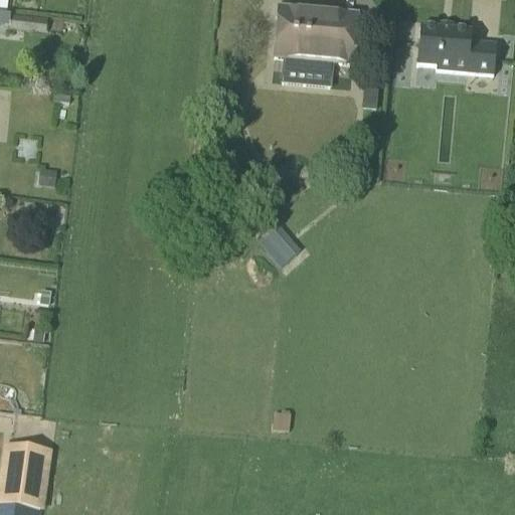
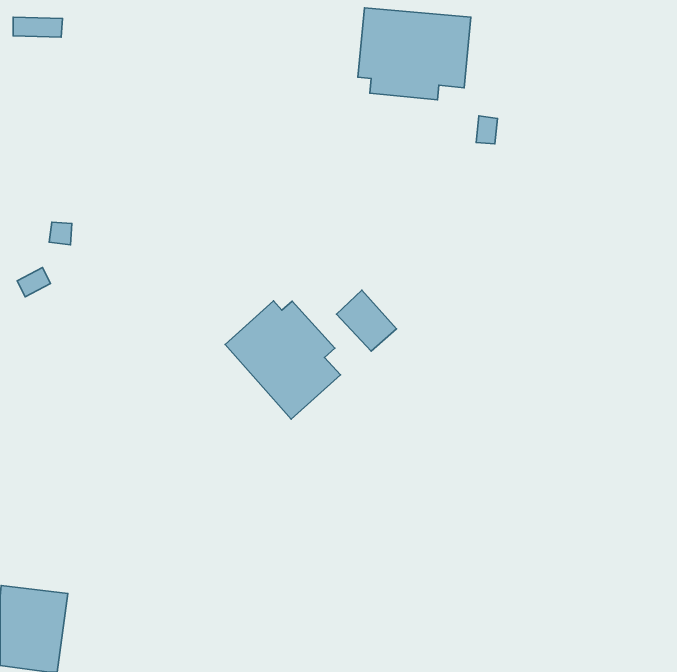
building: [416,21,496,75] -> none
building: none -> [225,301,340,419]

